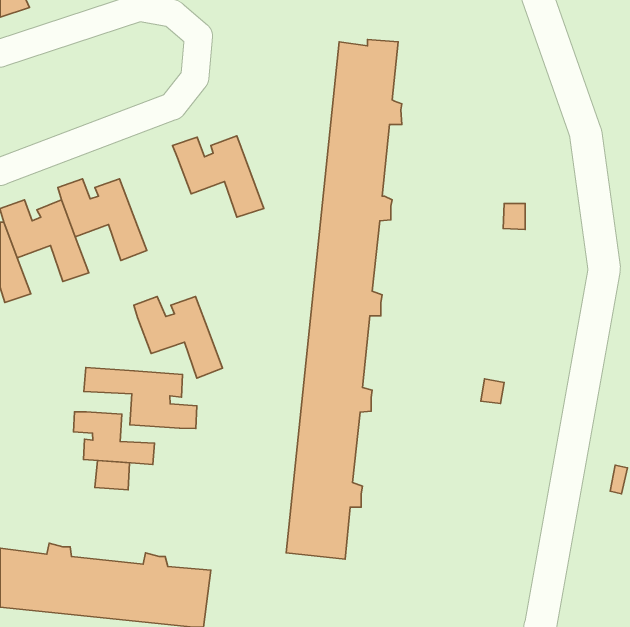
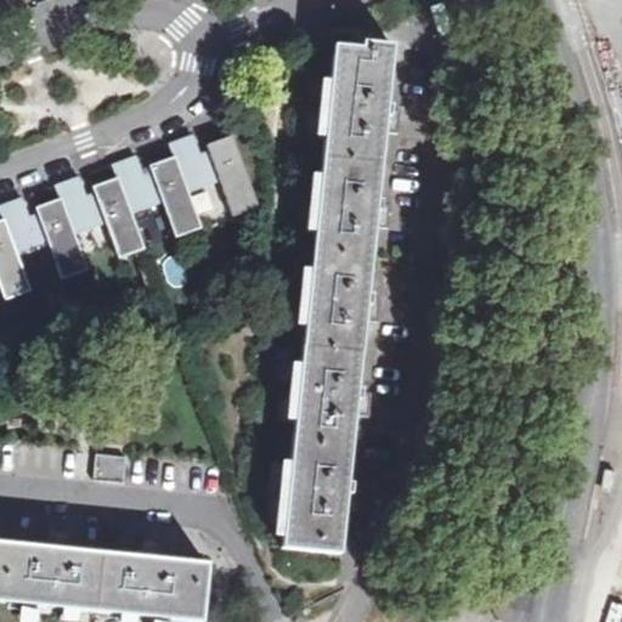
building: [134,297,223,378] -> [114,156,202,236]
building: [84,367,197,428] -> none
building: [74,412,154,464] -> none

